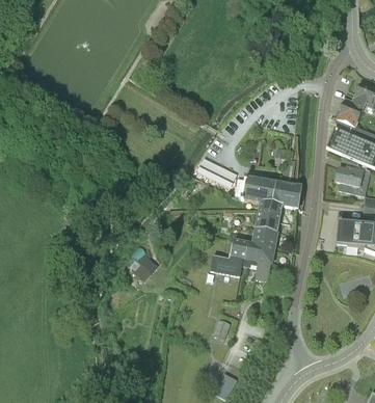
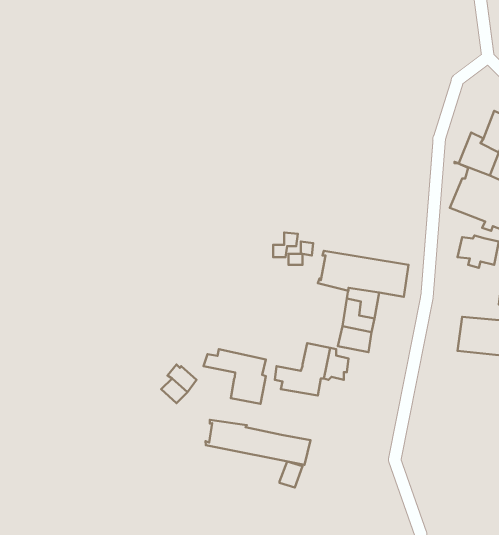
building: [252,241,274,280] -> none
building: none -> [204,349,266,404]
building: none -> [206,420,310,465]

